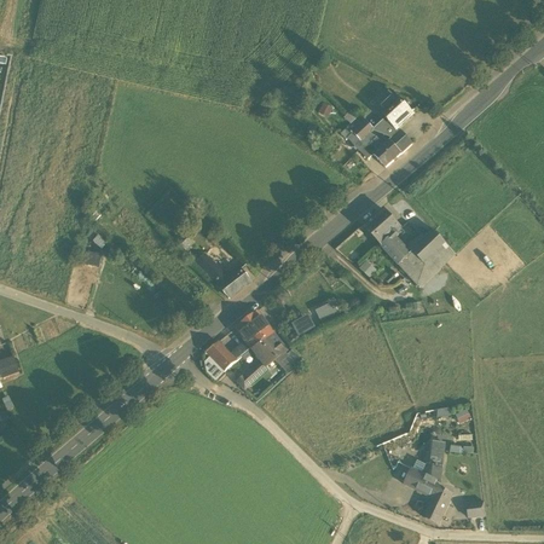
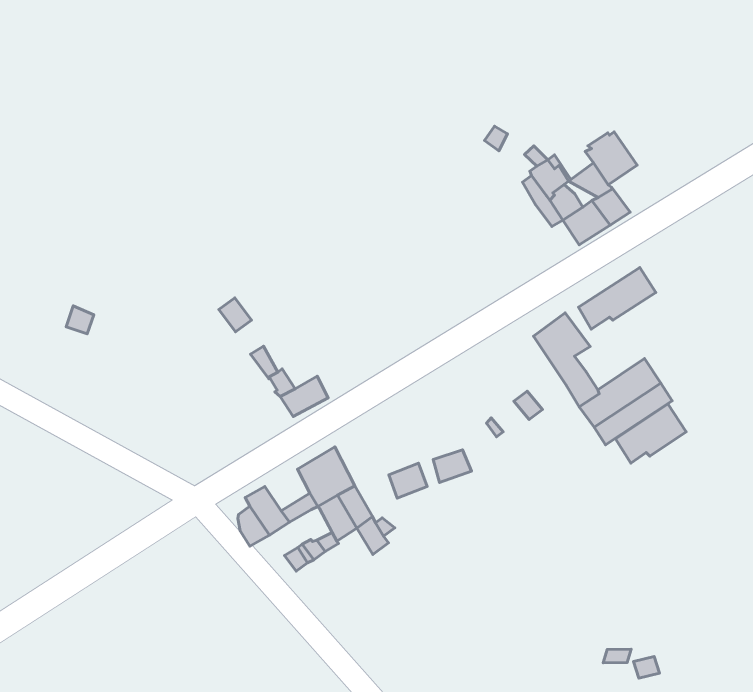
building: none -> [579,268,656,329]
building: none -> [616,404,686,463]

